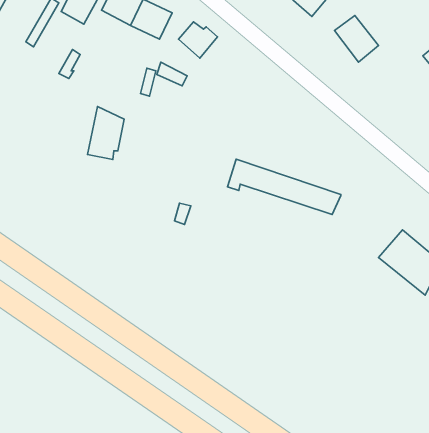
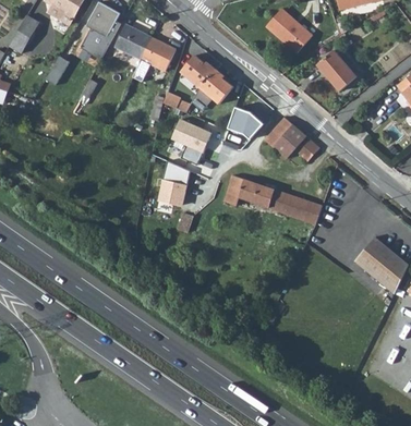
building: none -> [201,70,233,104]
building: none -> [230,101,265,132]
building: none -> [170,119,211,165]
building: none -> [266,120,319,160]
building: [88,107,124,160] -> [157,160,189,206]

